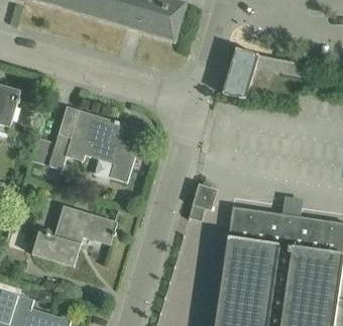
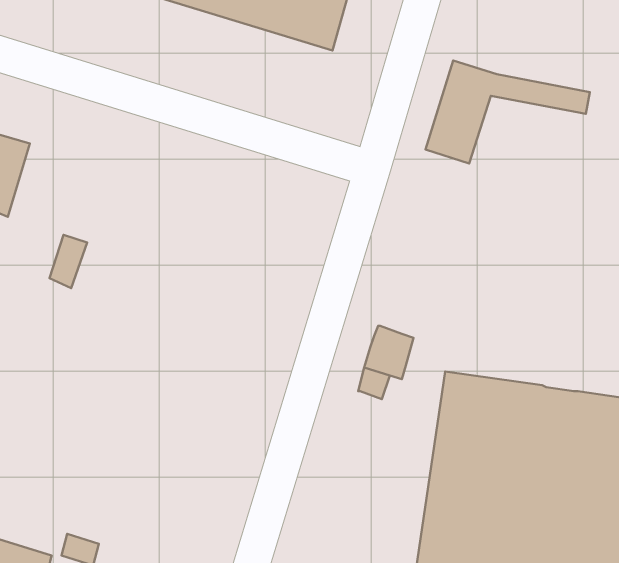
building: [47,105,141,181] -> none
building: [30,204,116,264] -> none

